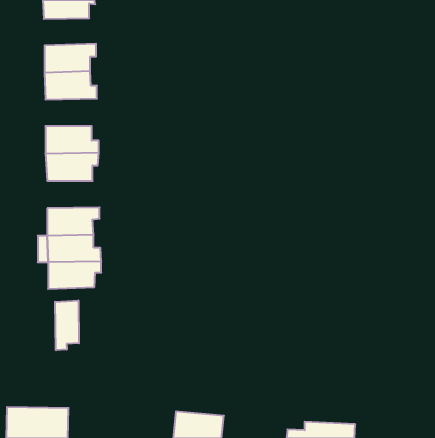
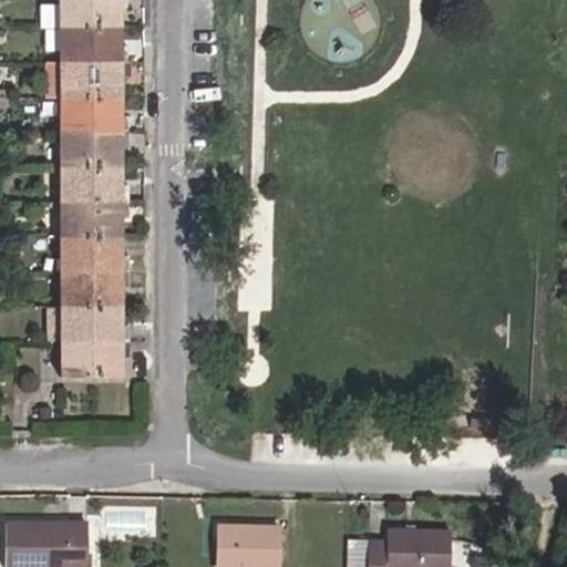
building: none -> [56,23,124,59]
building: none -> [59,127,125,163]
building: none -> [61,234,128,269]
building: [55,300,79,350] -> none

